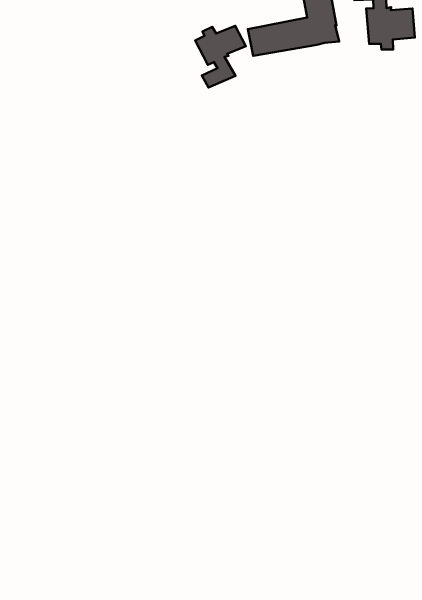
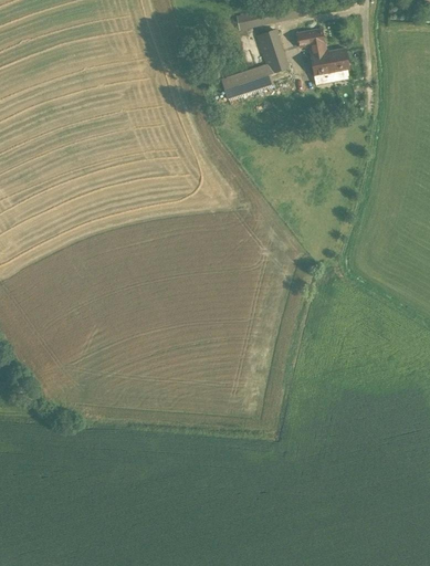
building: [195,26,246,88] -> none

